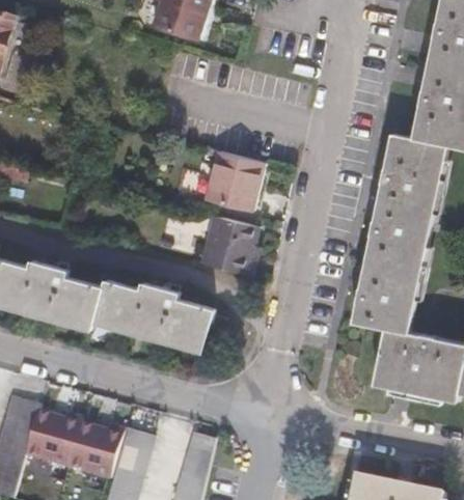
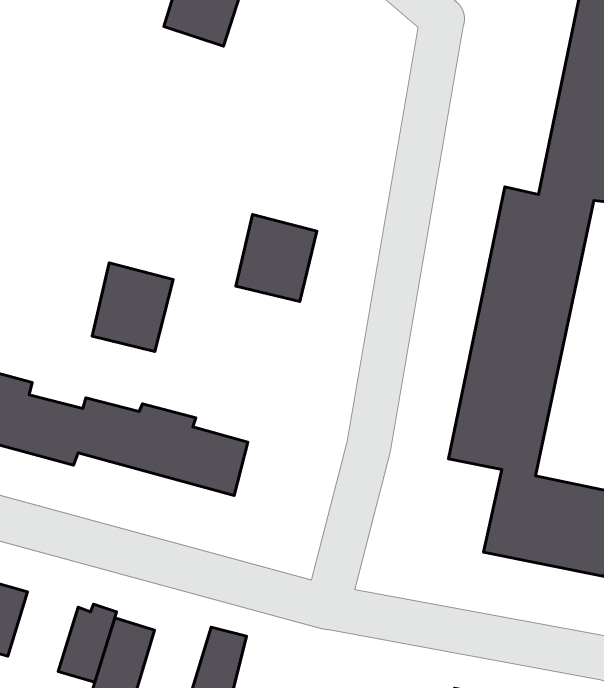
building: [201,218,256,278] -> [92,263,173,351]
building: [52,409,100,467] -> none

